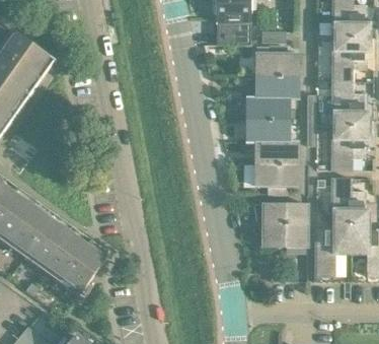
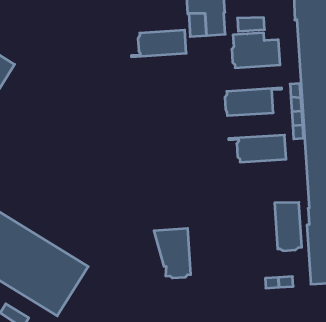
building: [248,78,299,99] -> [131,30,186,57]
building: [246,122,290,143] -> none
building: [254,165,299,195] -> none
building: [254,205,286,250] -> [154,228,191,278]

